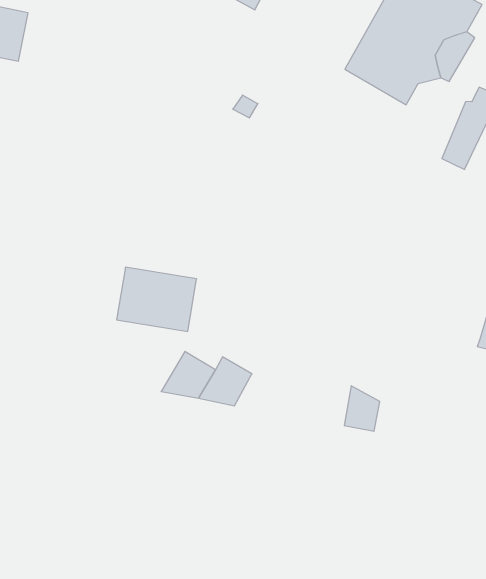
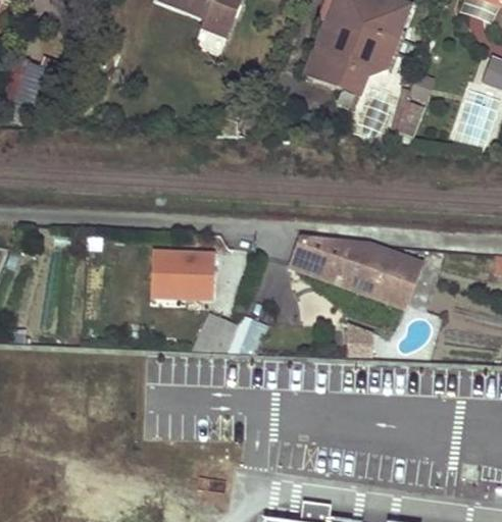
building: none -> [289,238,419,307]

